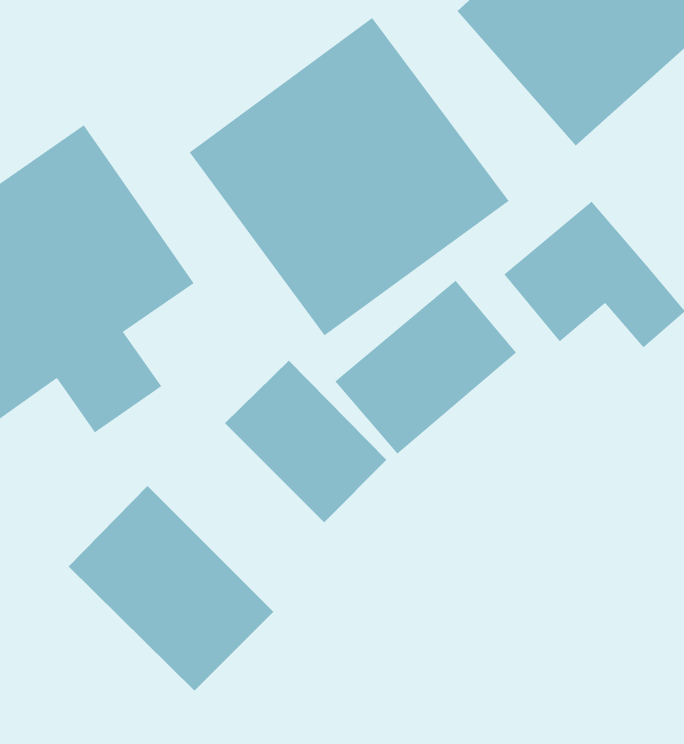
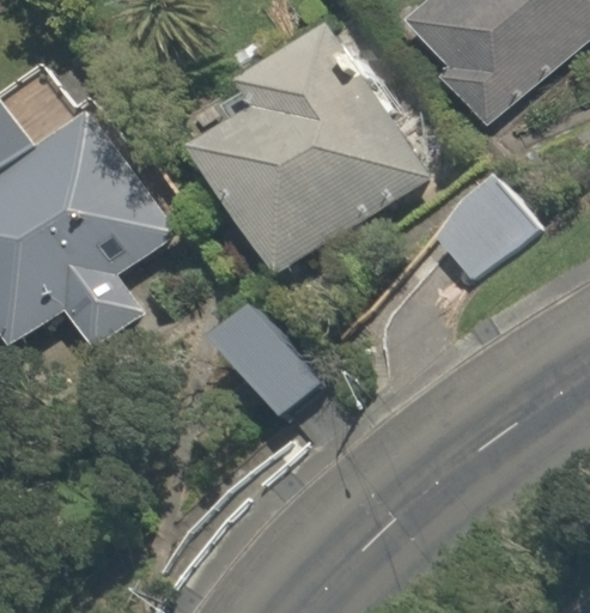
building: [334,280,517,454] -> none
building: [68,485,274,691] -> none

